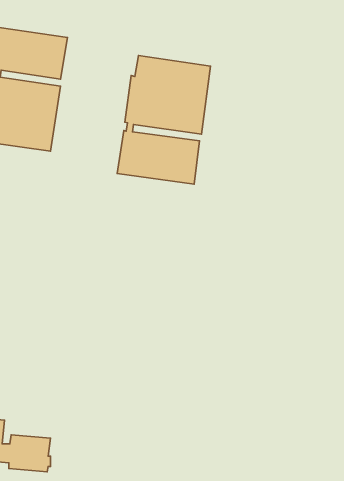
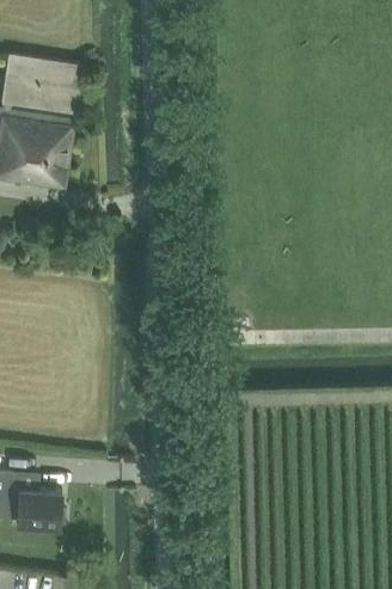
building: [117,56,210,184] -> none

